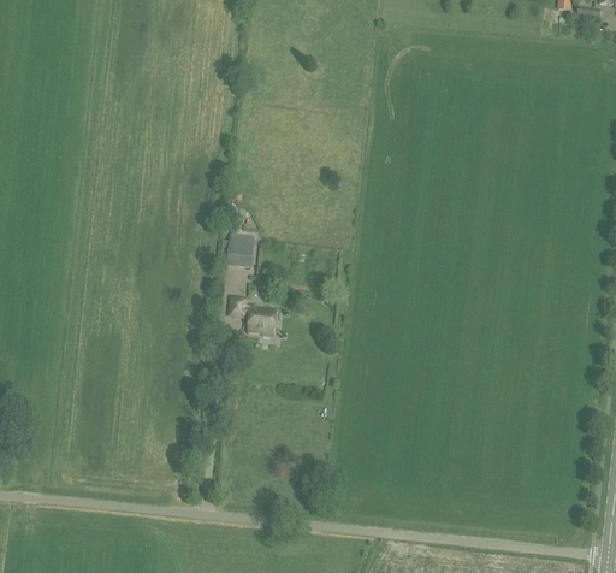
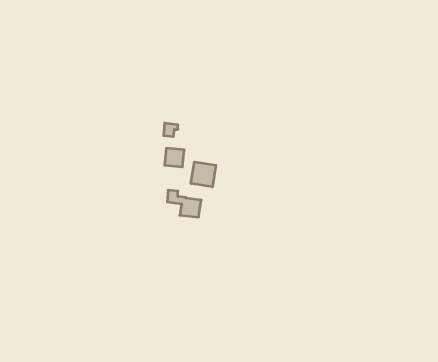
building: none -> [191,162,216,187]

